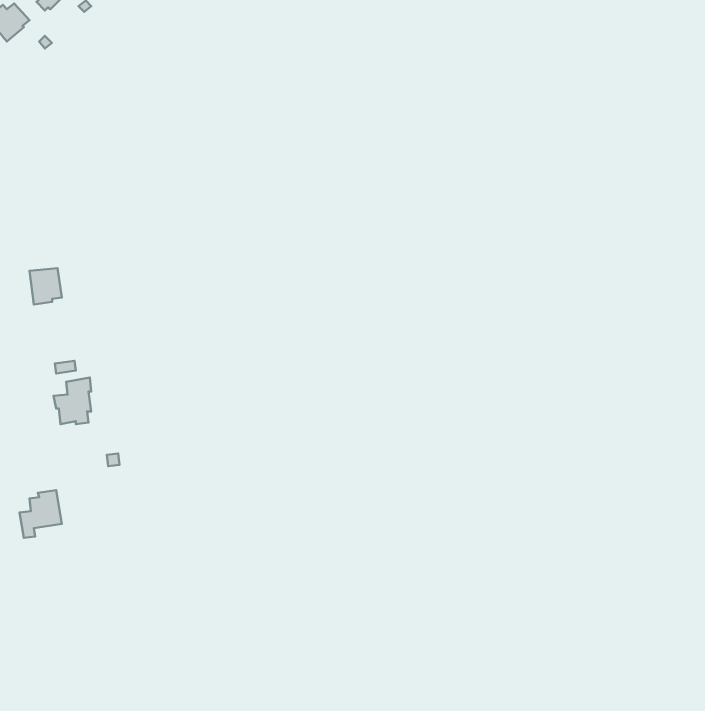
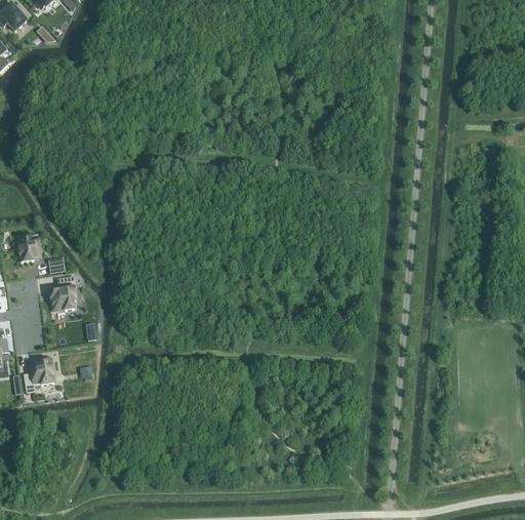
building: [30,268,62,305] -> [16,235,40,262]

